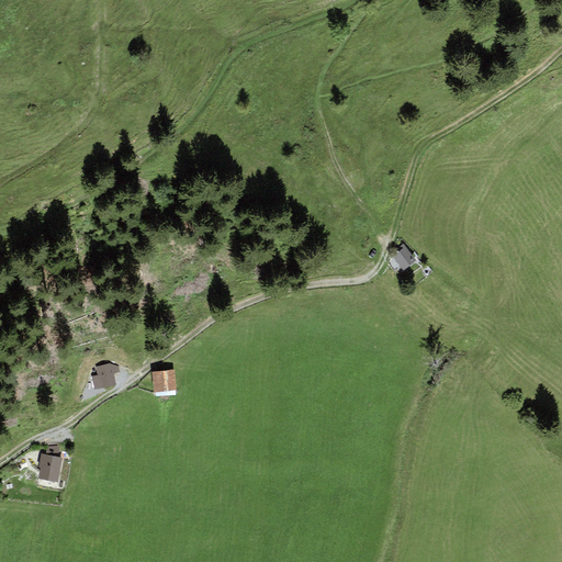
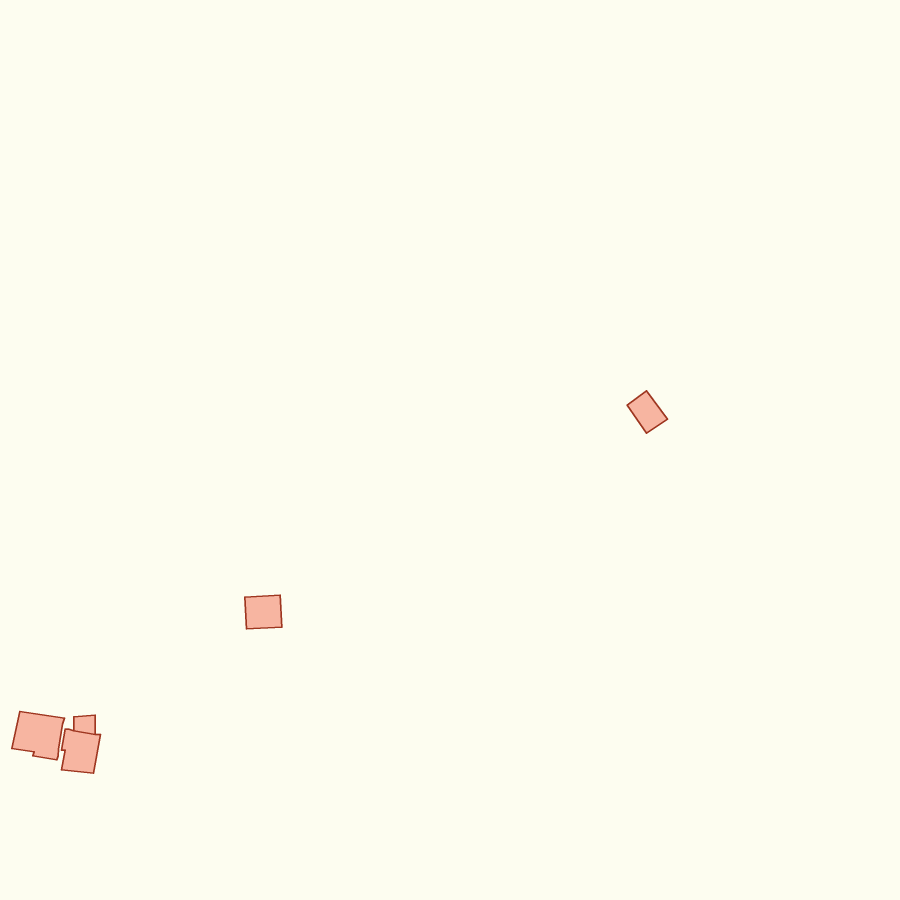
building: [91,363,120,391] -> none
building: none -> [12,711,65,760]

